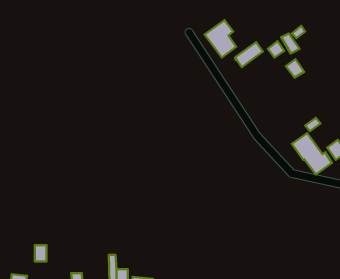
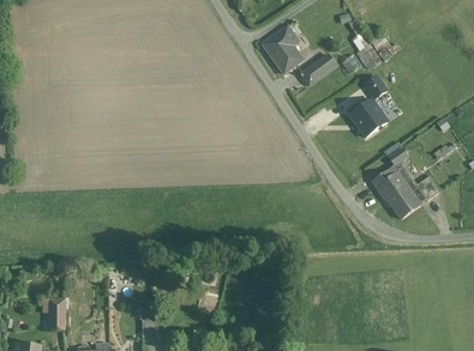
building: none -> [350,98,388,137]

